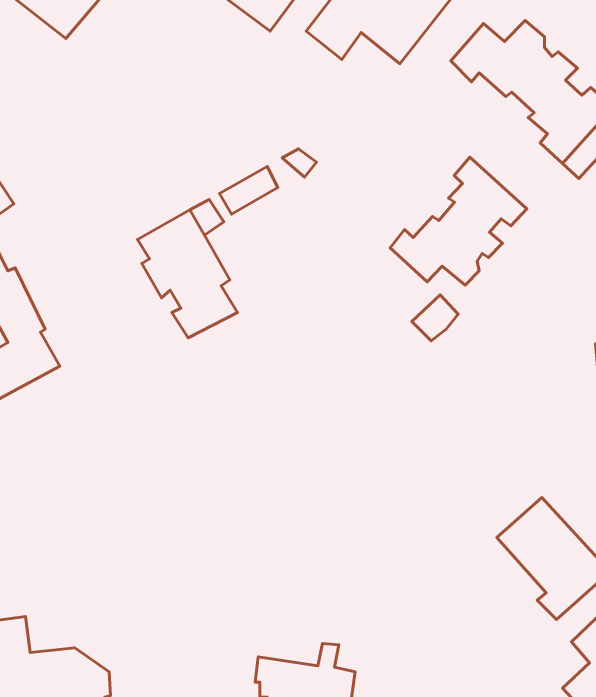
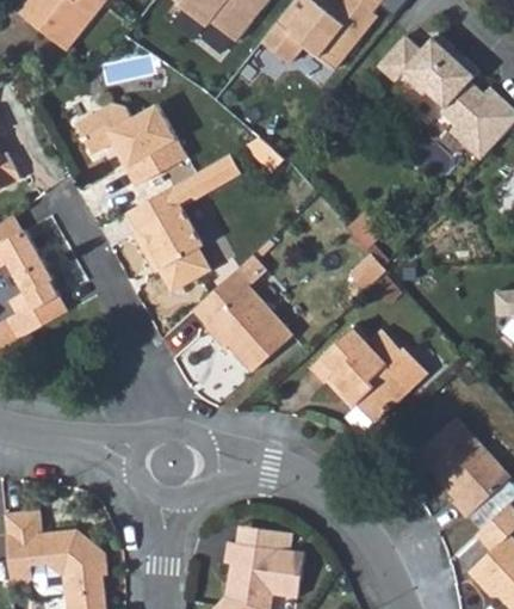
building: none -> [85,106,181,189]
building: [390,157,527,285] -> none
building: none -> [192,264,291,367]
building: none -> [308,326,423,419]

